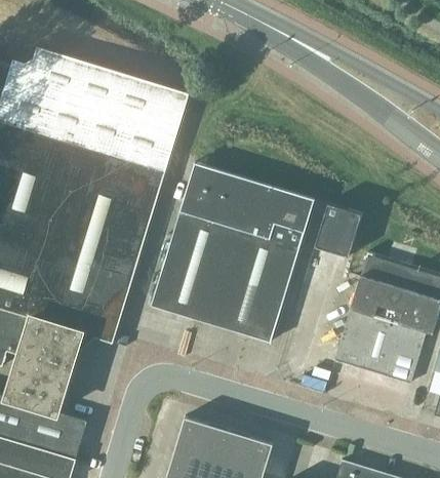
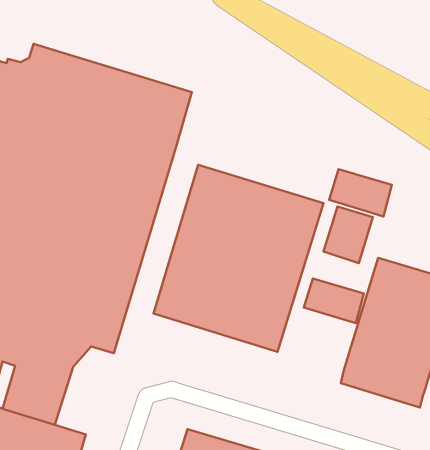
building: none -> [329,169,392,216]
building: none -> [304,278,364,323]

